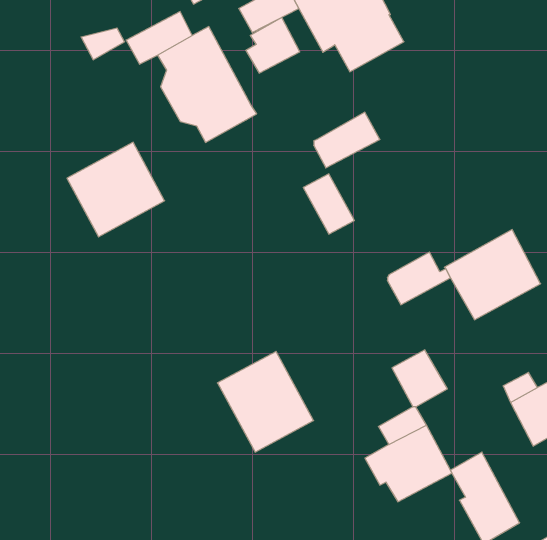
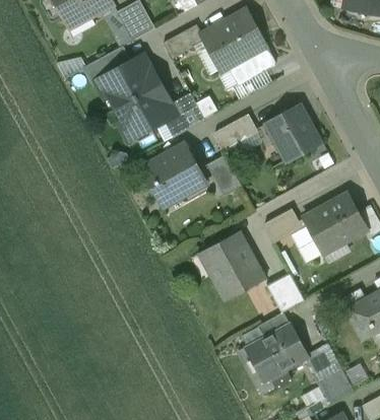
building: [246,17,300,73] -> [168,96,204,134]
building: none -> [265,104,320,162]
building: [67,142,165,237] -> [140,143,206,207]
building: [217,351,314,452] -> [199,232,264,300]

